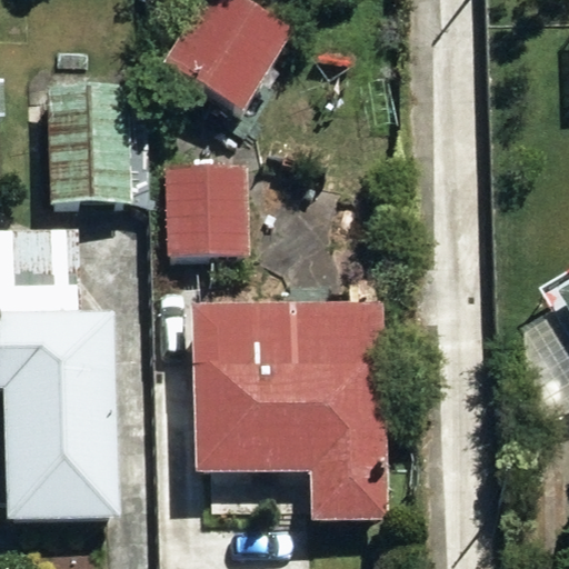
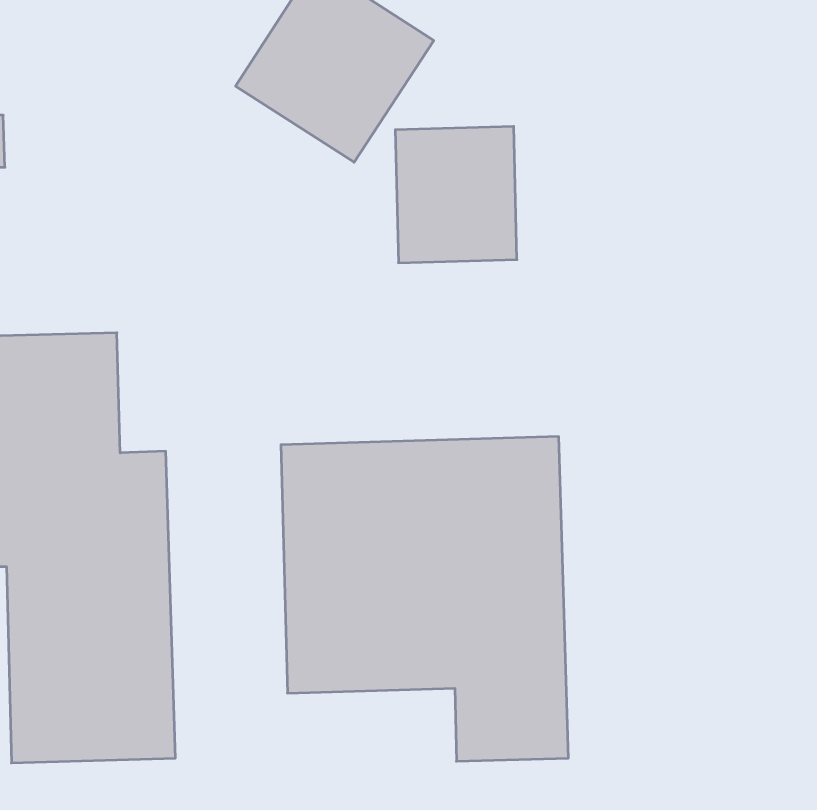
building: [44,81,131,202] -> none
building: [163,160,247,253] -> [395,126,517,263]

